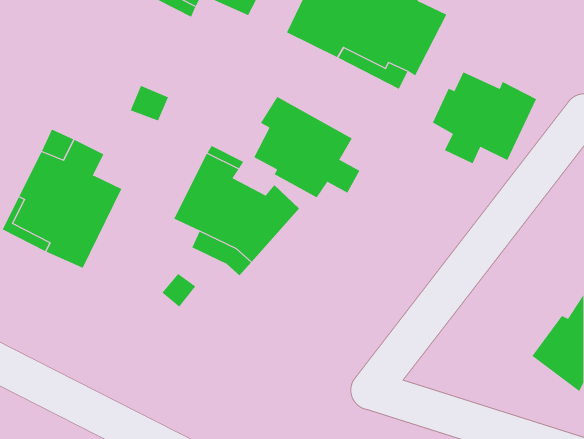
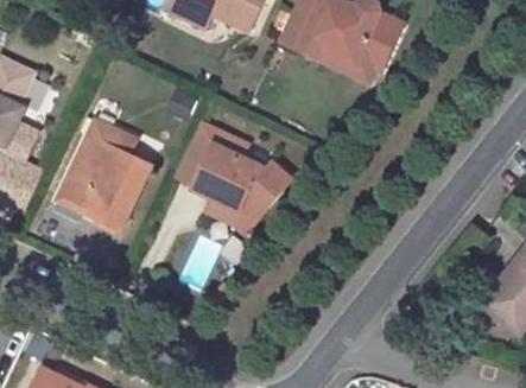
building: [432,72,537,164] -> none
building: [253,96,360,198] -> none

